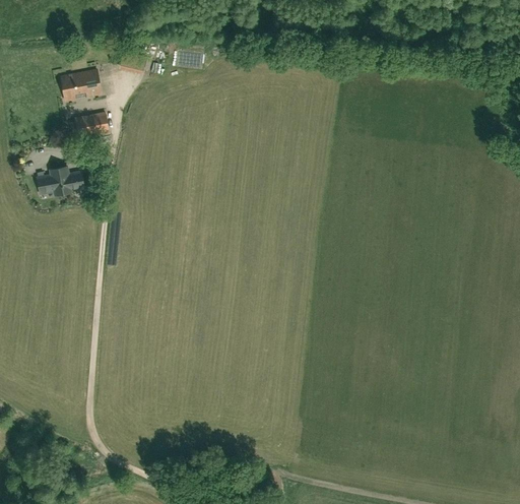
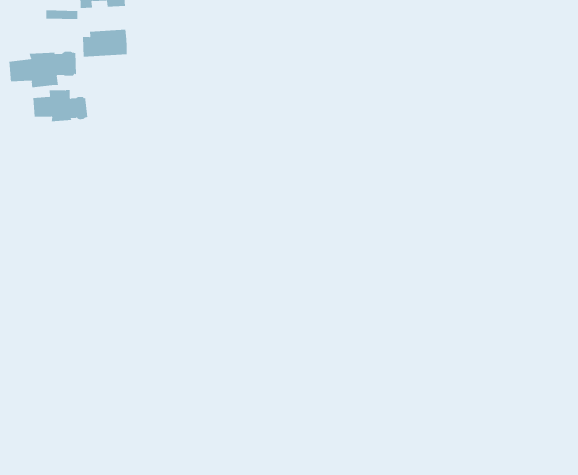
building: none -> [9,51,76,88]

